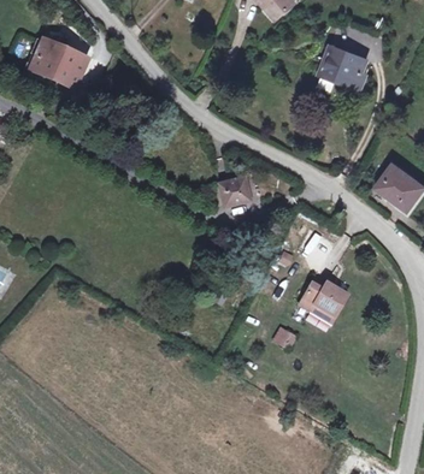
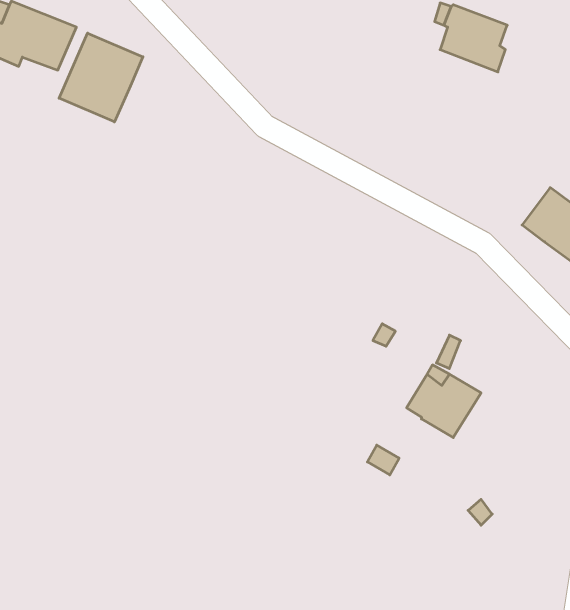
building: none -> [59,33,143,122]
building: [218,177,251,207] -> none

